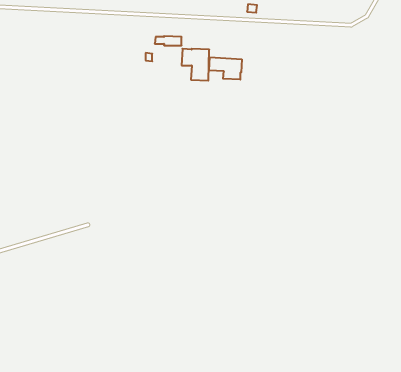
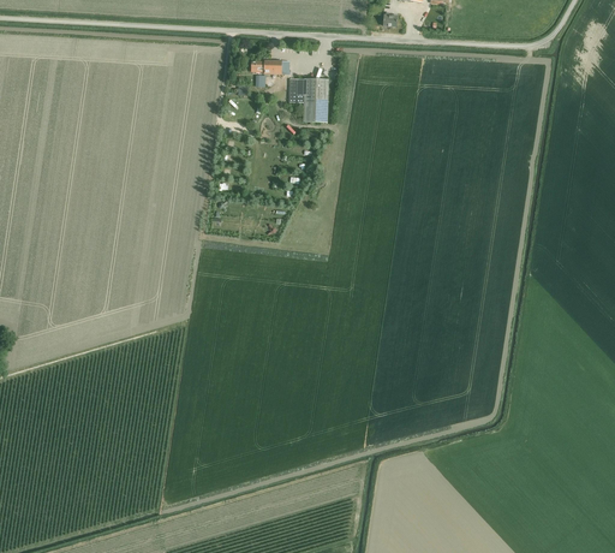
building: [209,57,242,80] -> none

